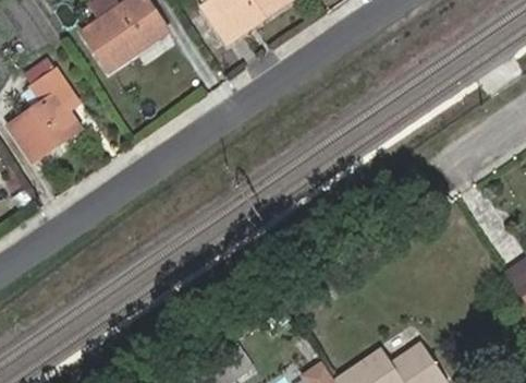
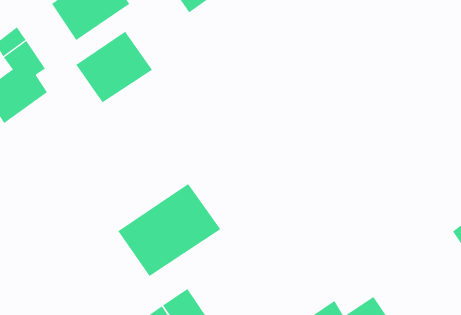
building: none -> [76,31,153,103]
building: none -> [118,183,221,277]

